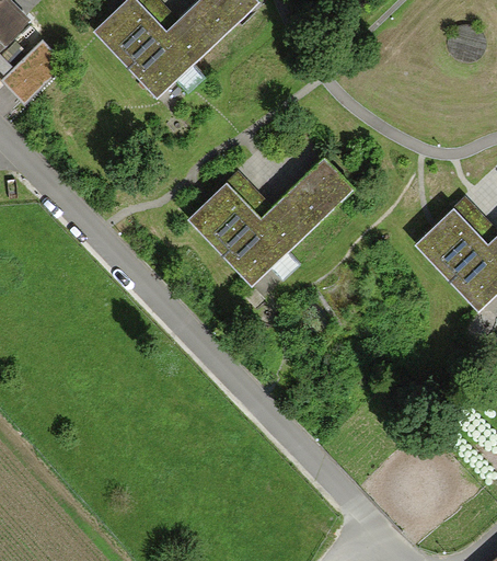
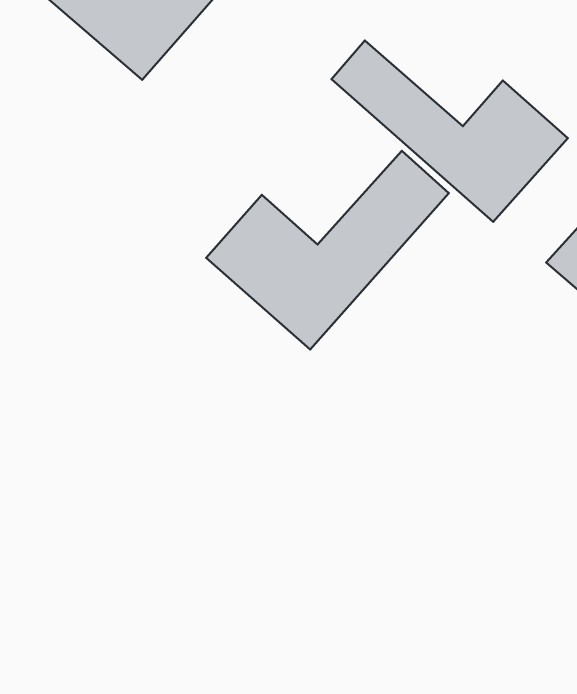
building: none -> [331,40,568,222]

